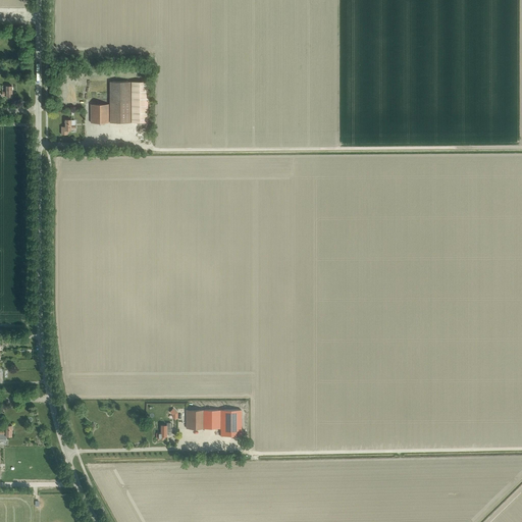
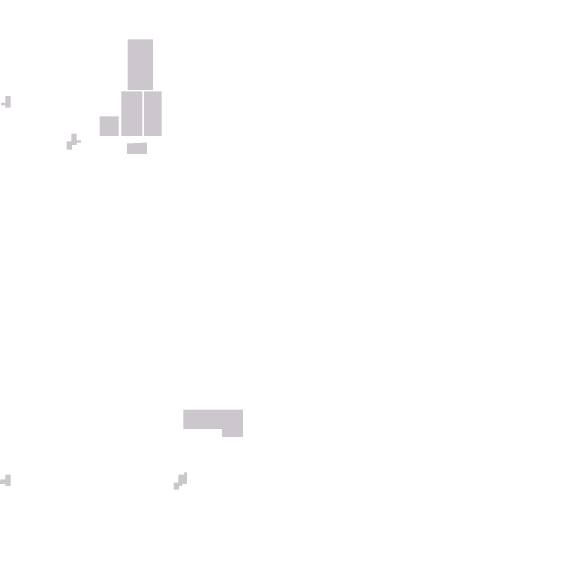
building: none -> [127,38,153,91]
building: [184,410,239,435] -> [182,409,244,438]

